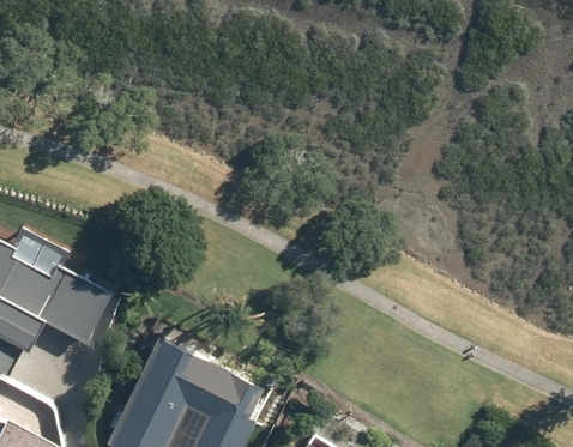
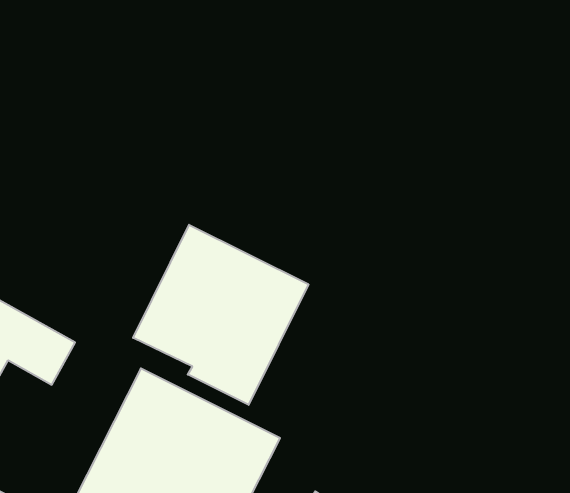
building: none -> [133,225,308,405]

